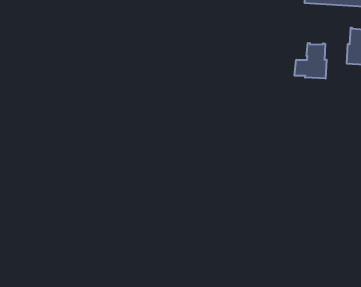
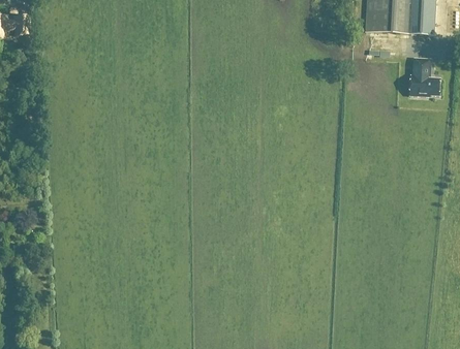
building: [295,43,327,79] -> none

